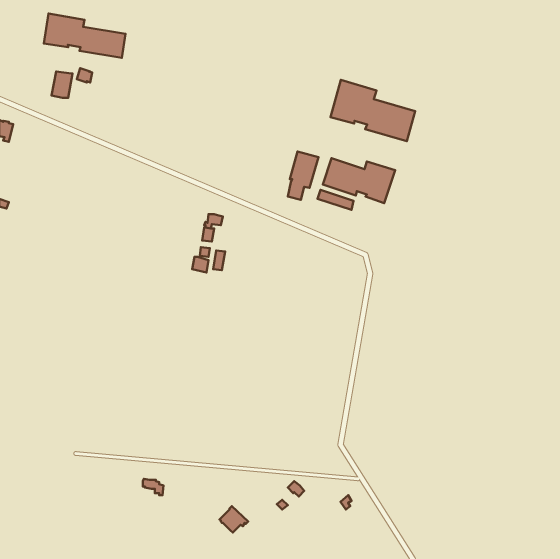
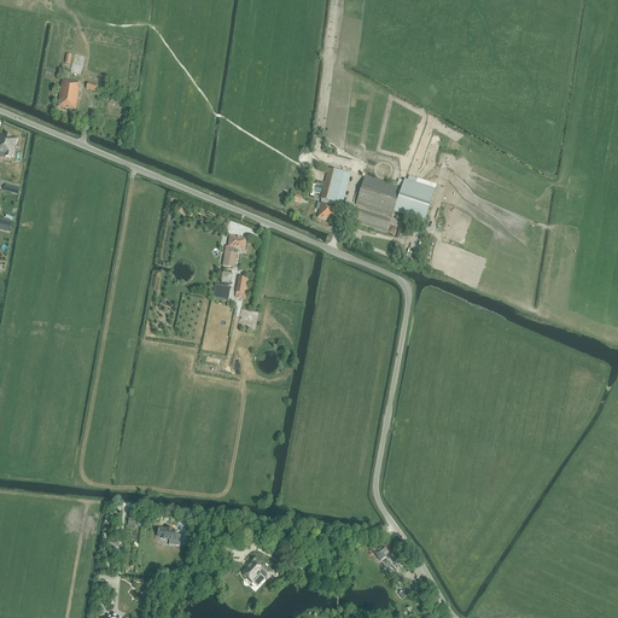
building: [44,13,125,58] -> none
building: [330,80,415,141] -> none

